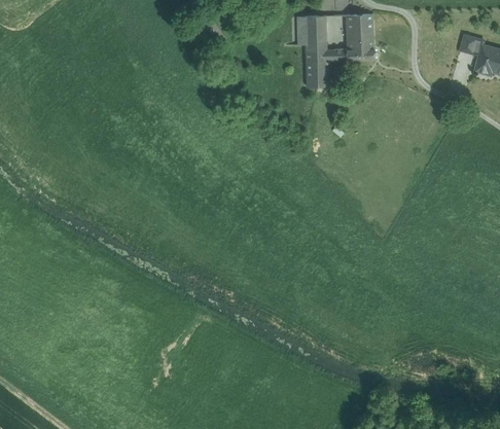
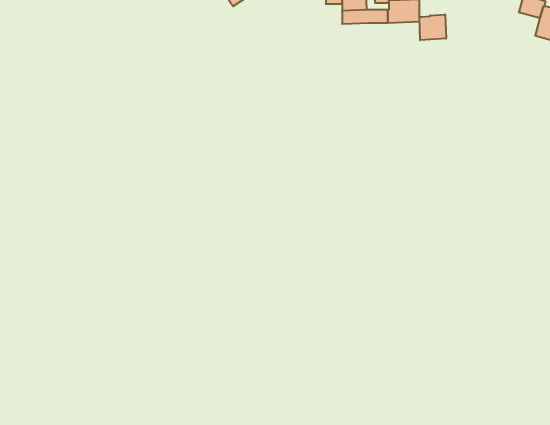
building: none -> [419,14,446,40]
building: [306,60,329,85] -> none

